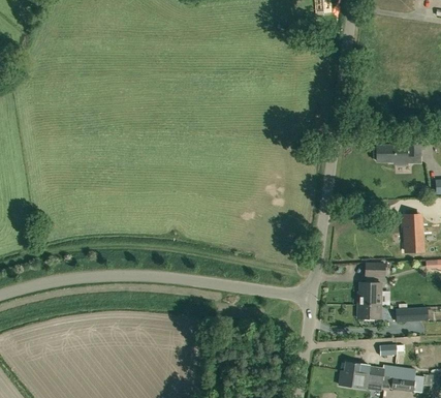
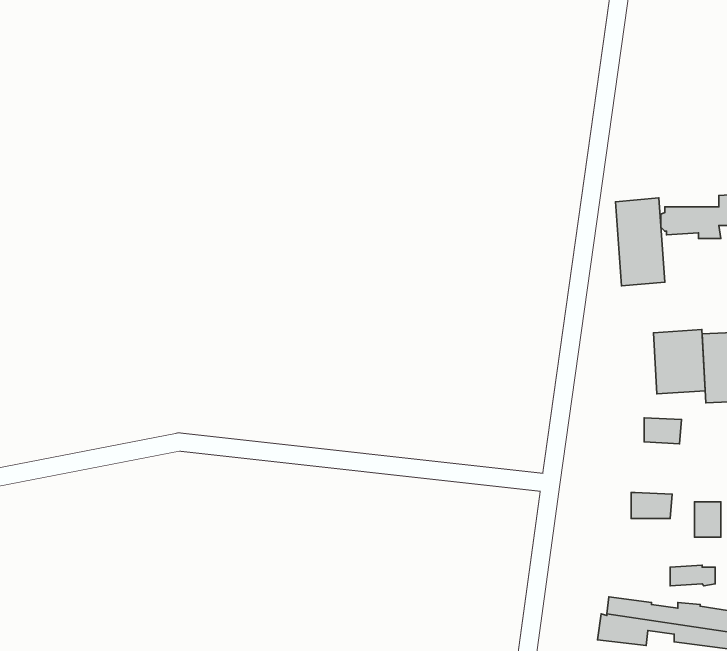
building: none -> [615,198,665,286]
building: none -> [654,330,705,394]
building: [360,281,381,304] -> none

